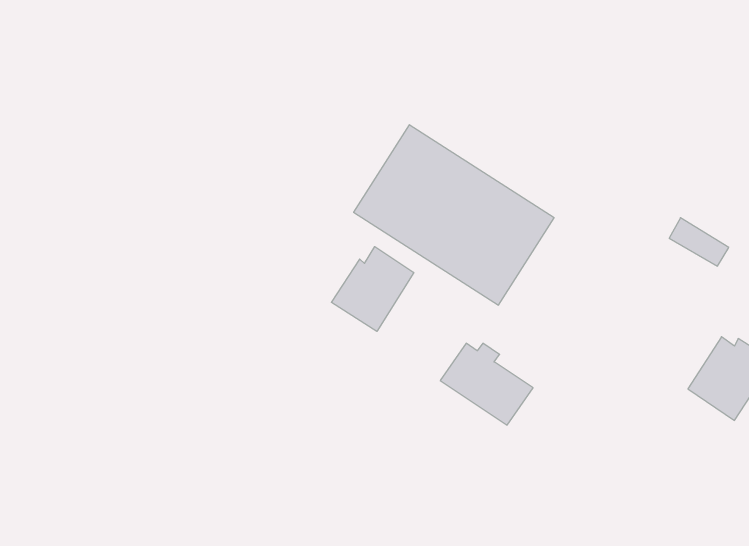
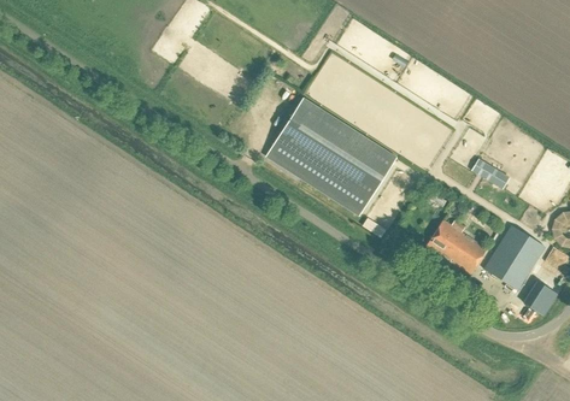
building: [331,247,414,331] -> none
building: [440,343,533,425] -> [427,222,487,275]

